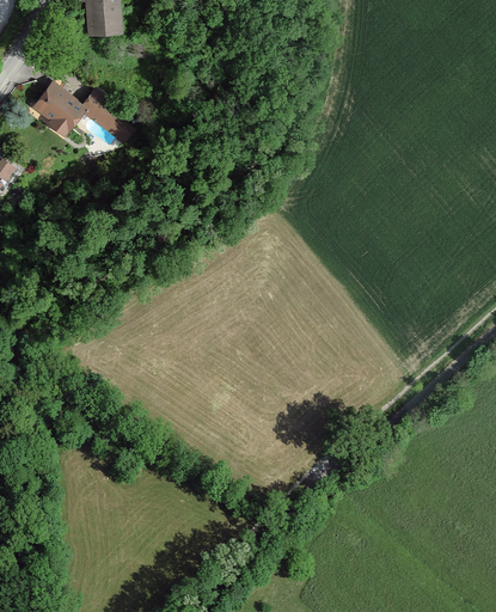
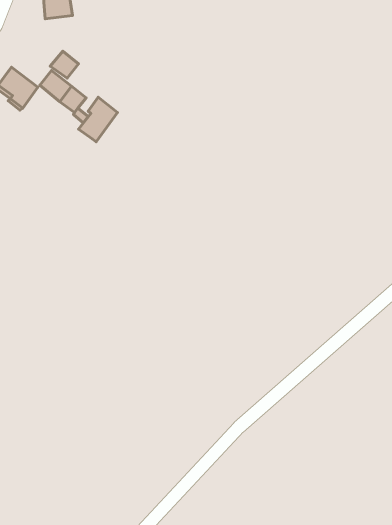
building: none -> [50,51,79,78]
building: none -> [79,97,117,142]

